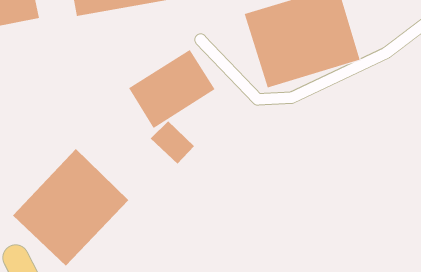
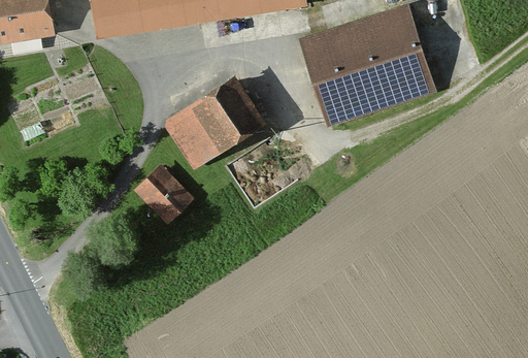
building: [150,120,195,164] -> [133,172,187,225]
building: [12,148,129,267] -> none

